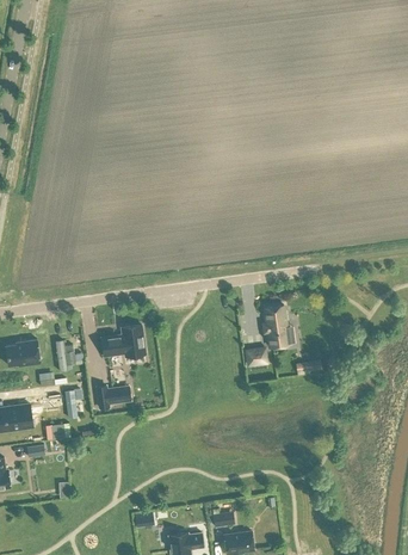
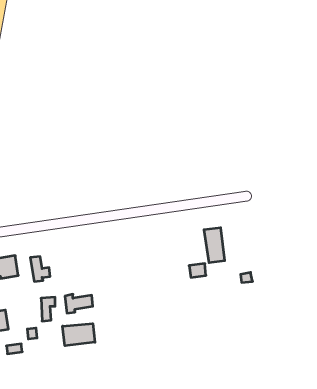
building: [100,323,146,356] -> none
building: none -> [63,324,95,346]

